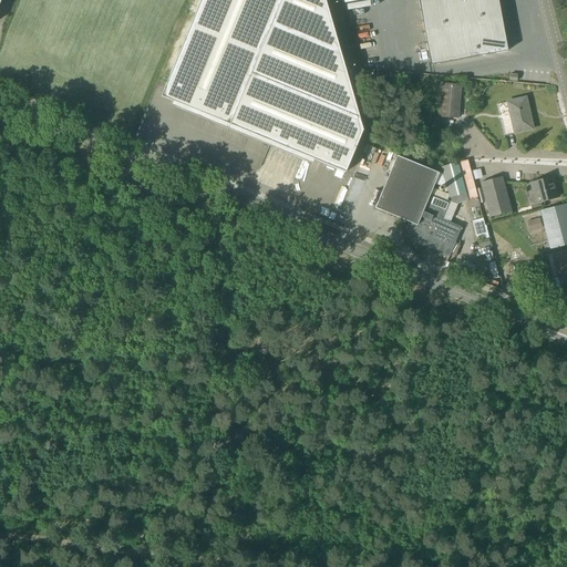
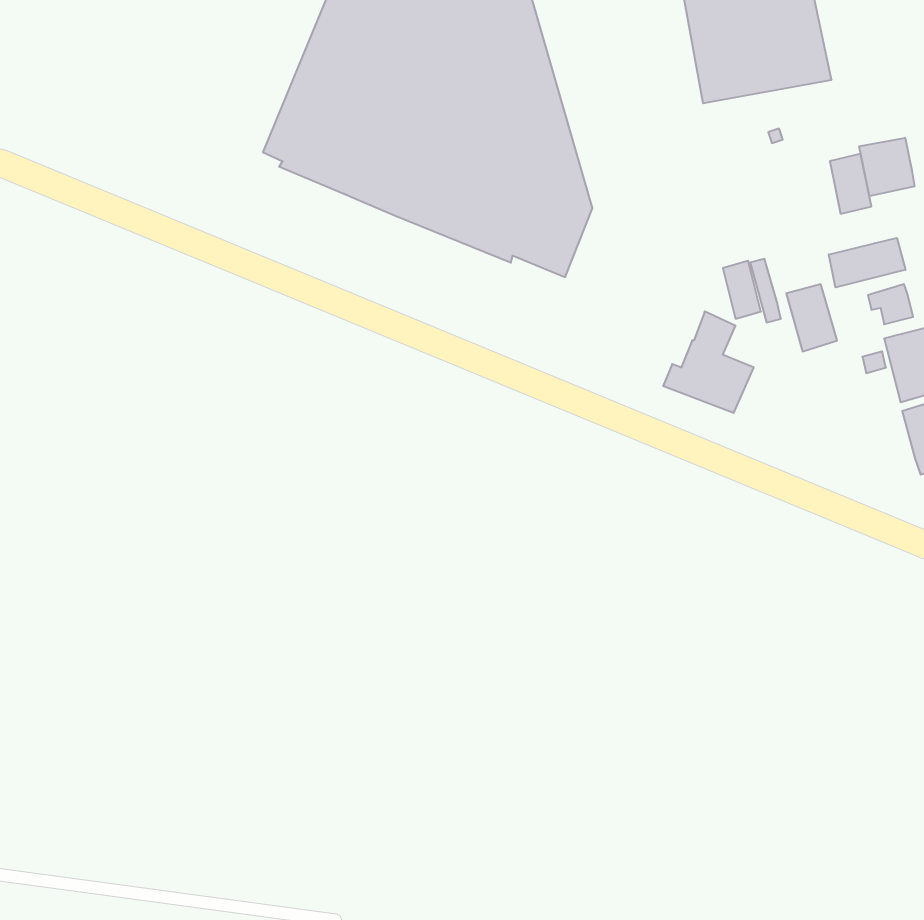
building: [443,82,464,116] -> none
building: none -> [859,138,915,196]
building: none -> [829,238,905,287]
building: [377,153,440,225] -> none

